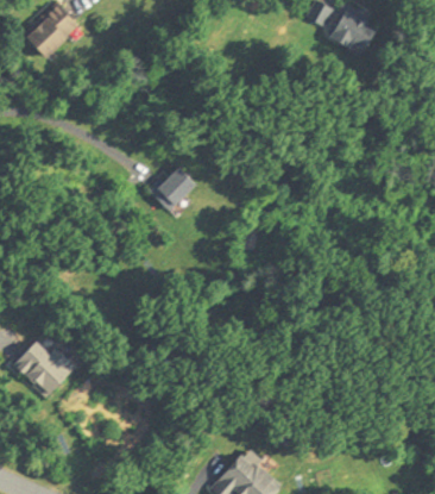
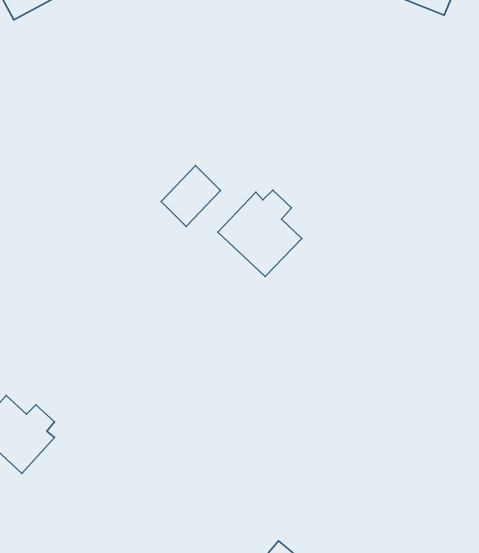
building: none -> [218,190,302,277]

